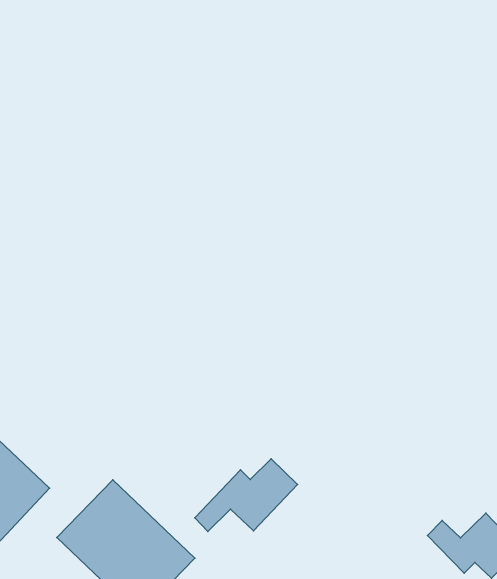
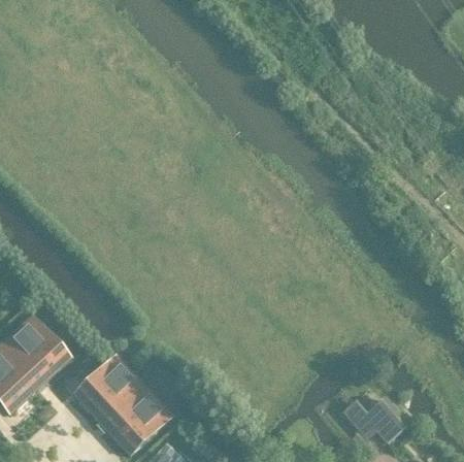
building: [195,459,298,532] -> none

